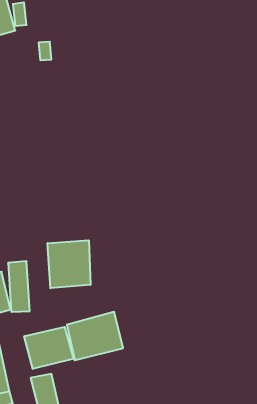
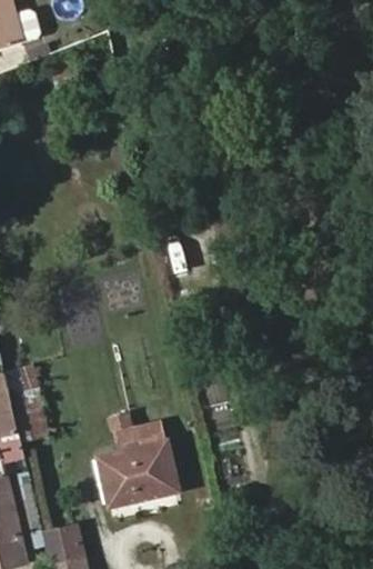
building: [48,240,90,288] -> none
building: [24,327,73,369] -> none

